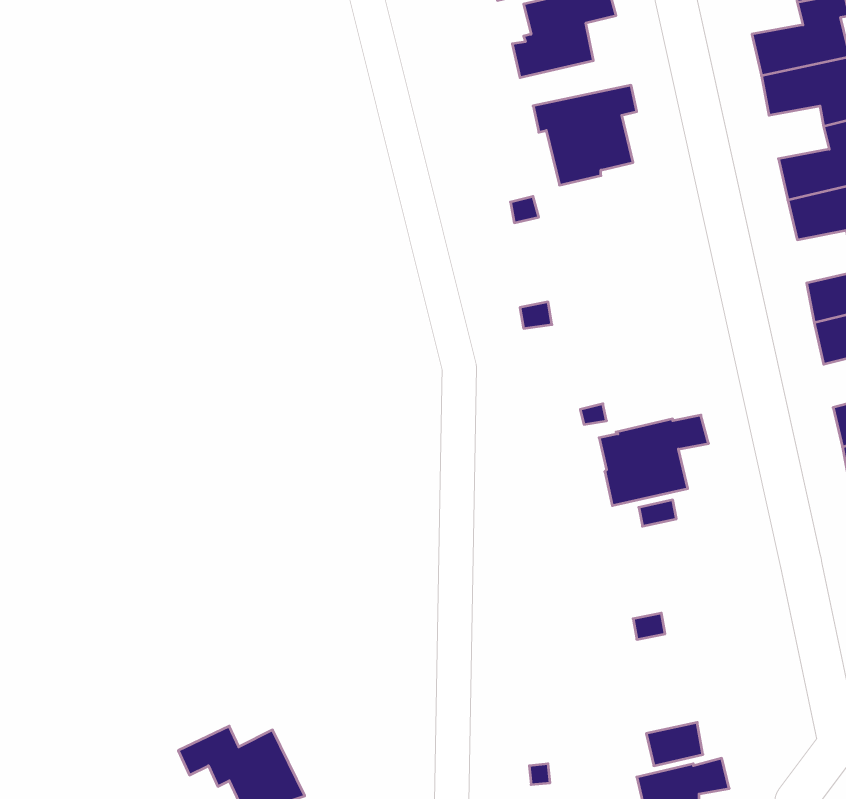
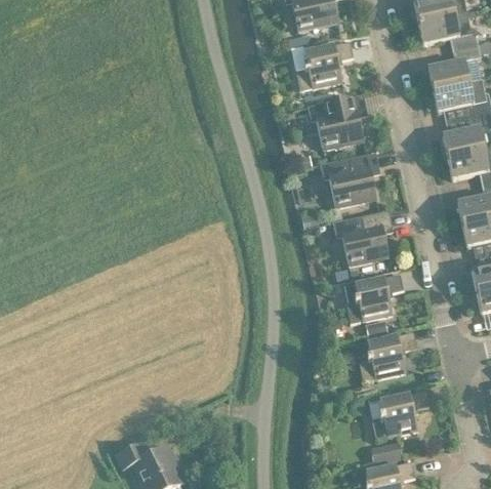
building: none -> [321,152,377,206]
building: none -> [333,210,390,264]
building: none -> [356,331,416,380]
building: none -> [373,390,428,439]

